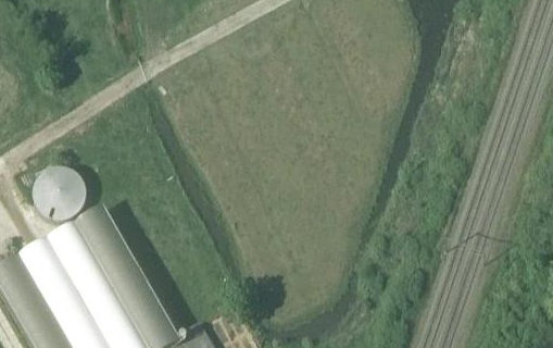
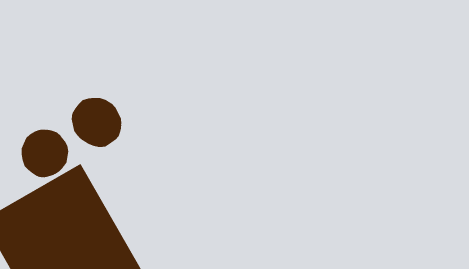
building: none -> [71,97,122,148]

